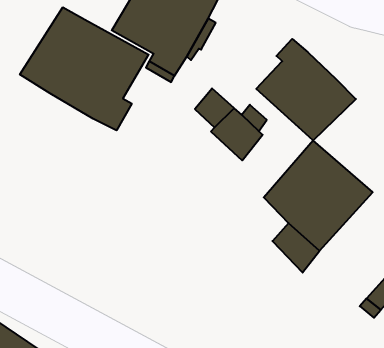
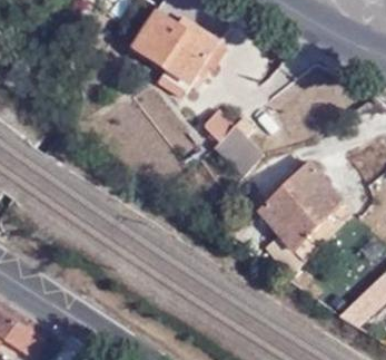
building: [20,7,149,130] -> none
building: [256,39,356,140] -> none

